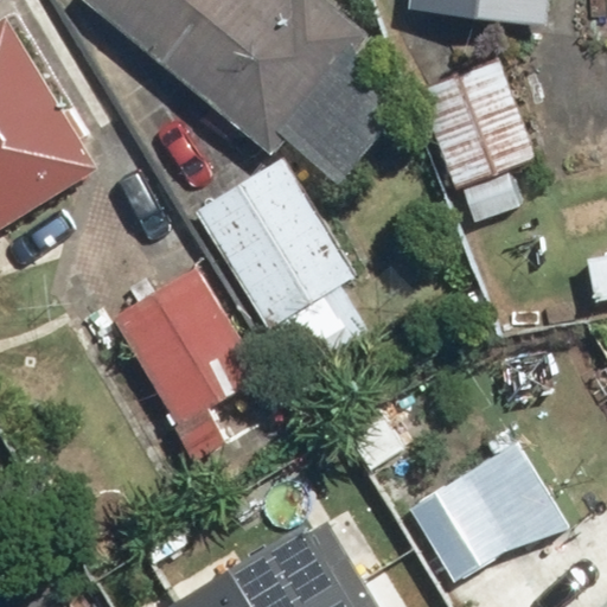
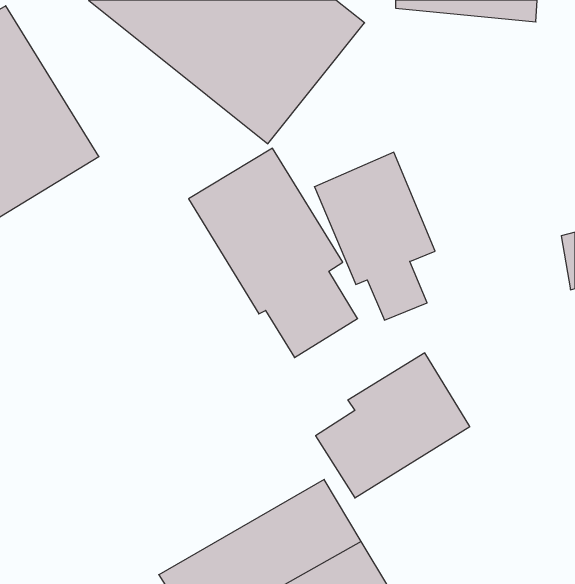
building: [413,53,537,226] -> [314,152,435,320]
building: [111,270,260,464] -> none
building: [403,442,562,592] -> [316,353,470,498]

